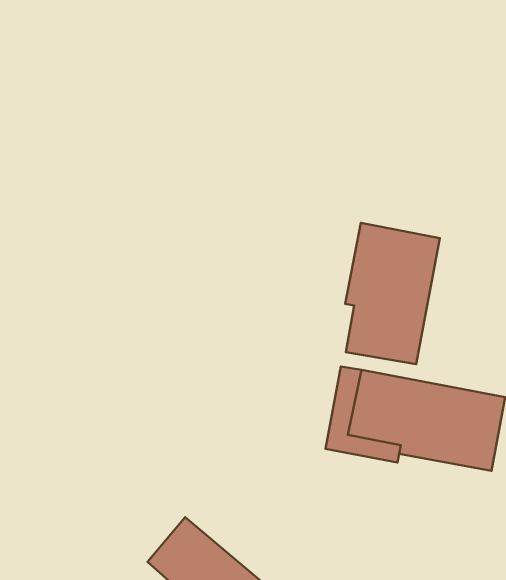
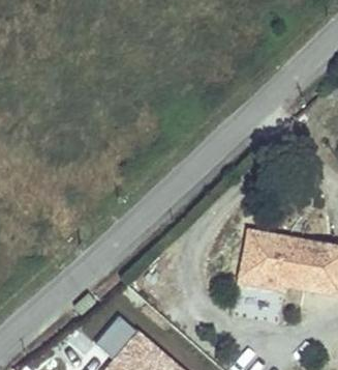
building: [345,223,440,364] -> none

